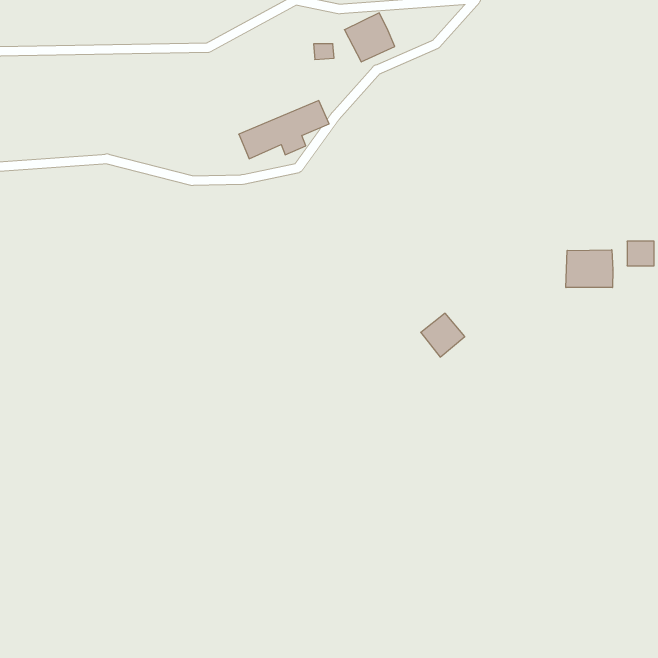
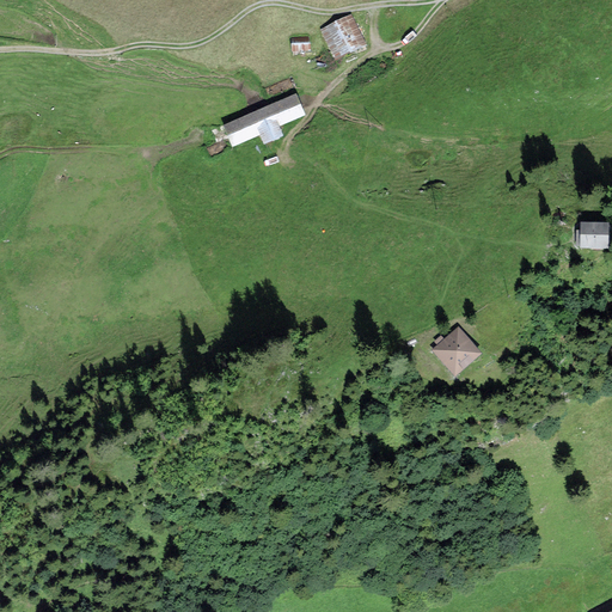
building: [566,250,613,288] -> none
building: [421,313,465,357] -> [435,330,476,371]

